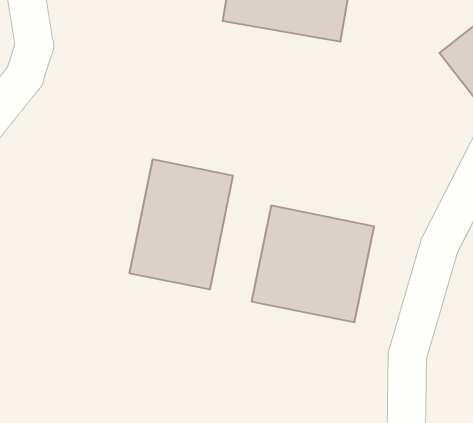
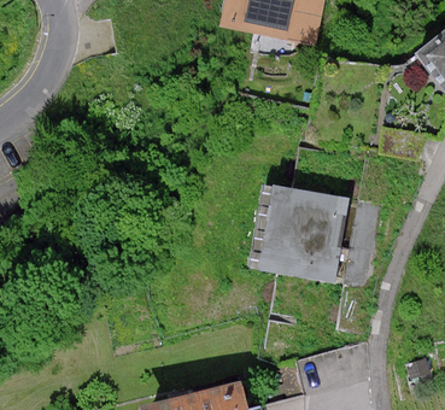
building: [130,159,233,290] -> none

